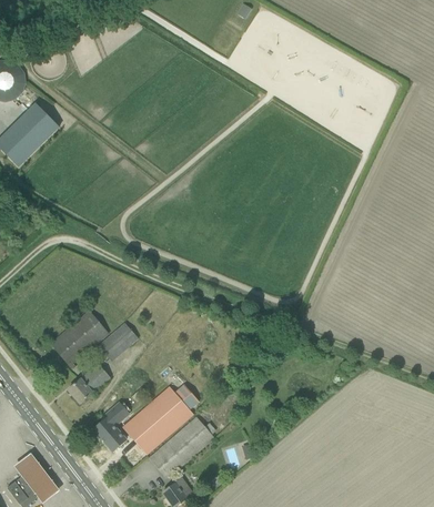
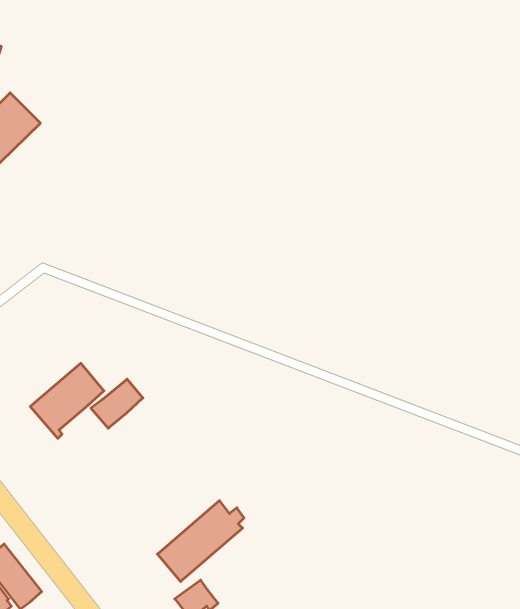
building: [68,363,110,403] -> none
building: [122,386,193,454] -> none
building: [92,405,127,453] -> none

